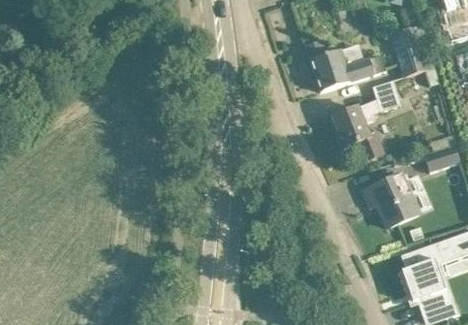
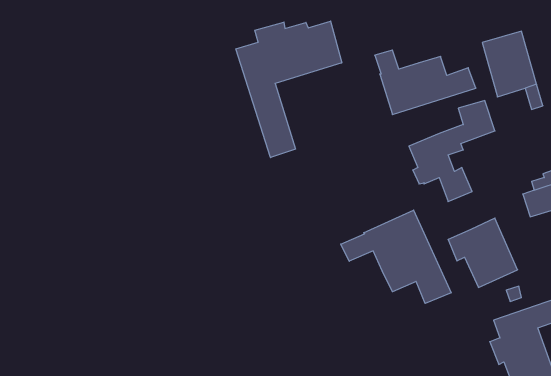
building: none -> [236,21,342,158]
building: none -> [341,210,451,303]

